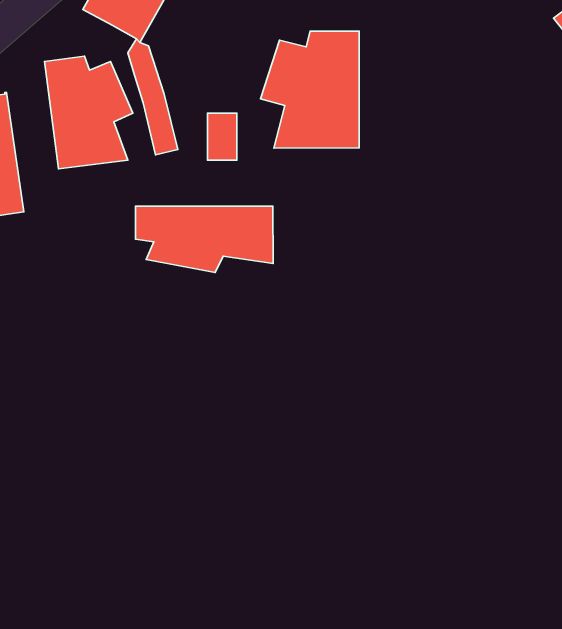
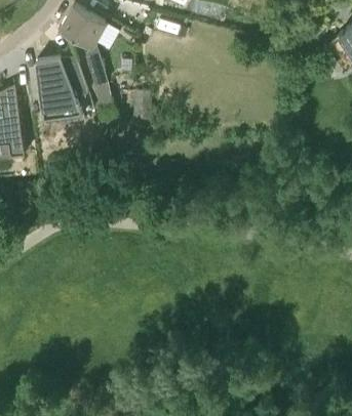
building: [260,31,359,148] -> none
building: [135,206,273,272] -> none

